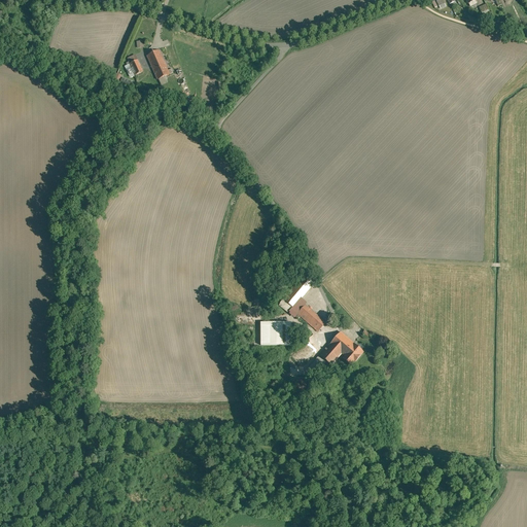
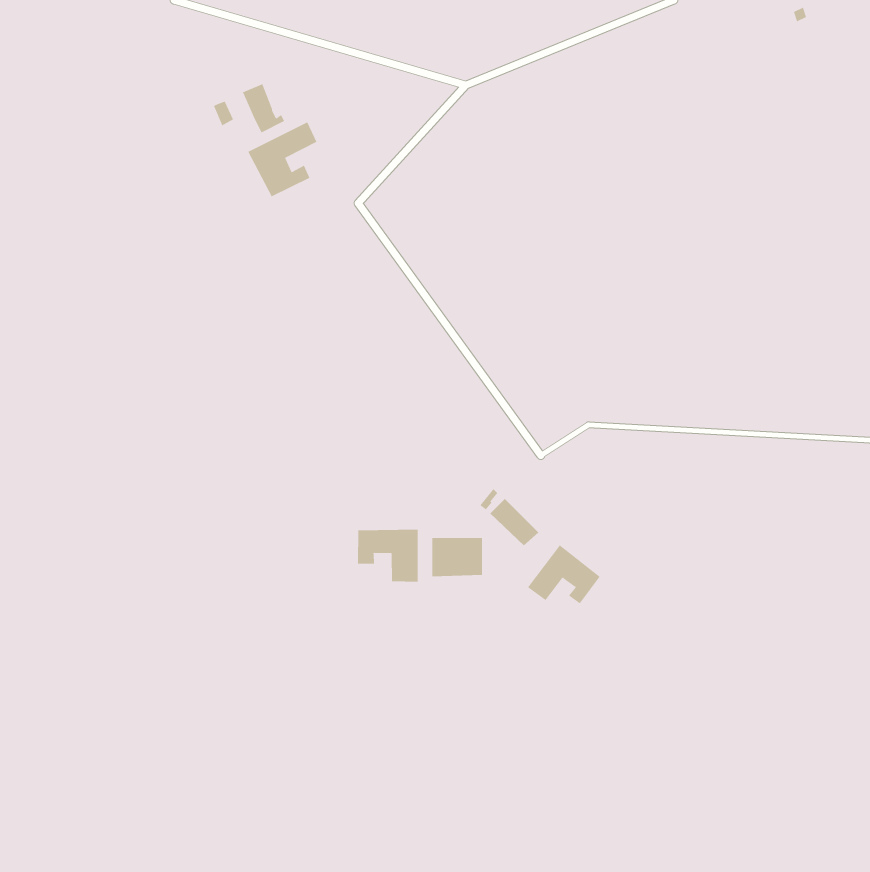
building: none -> [247,121,317,197]
building: none -> [357,529,418,582]

